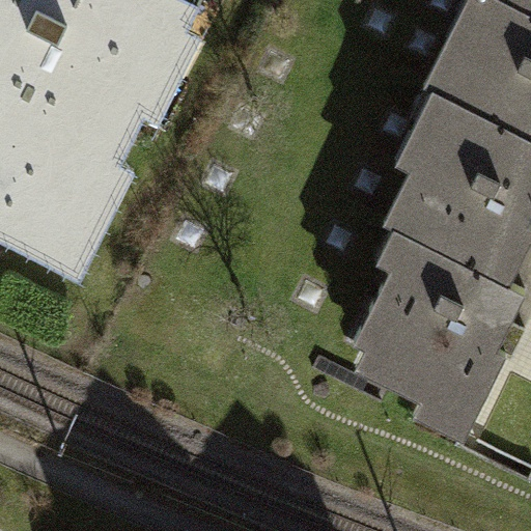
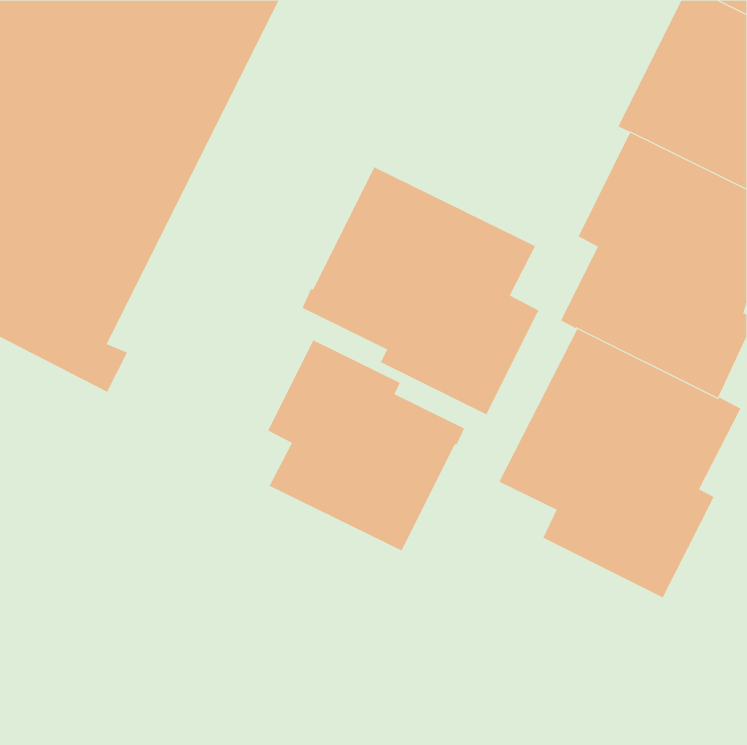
building: none -> [302,166,539,415]
building: none -> [268,340,465,552]

